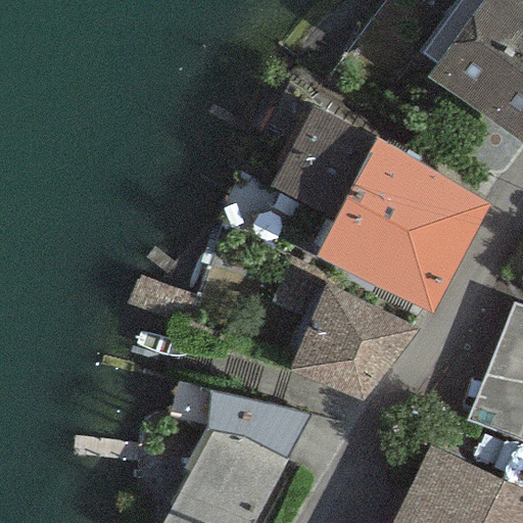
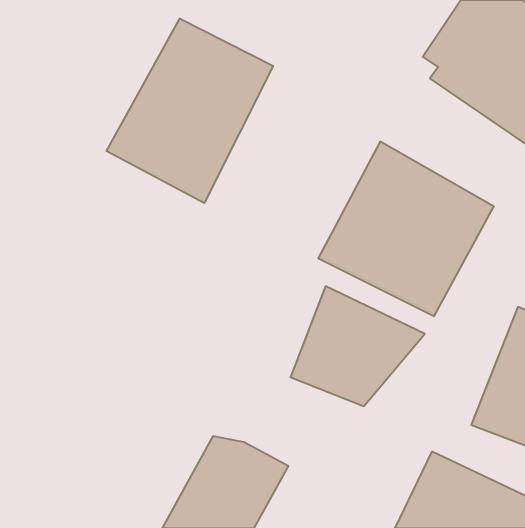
building: none -> [106,18,273,203]
building: [270,107,379,223] -> none
building: [208,389,314,461] -> none

